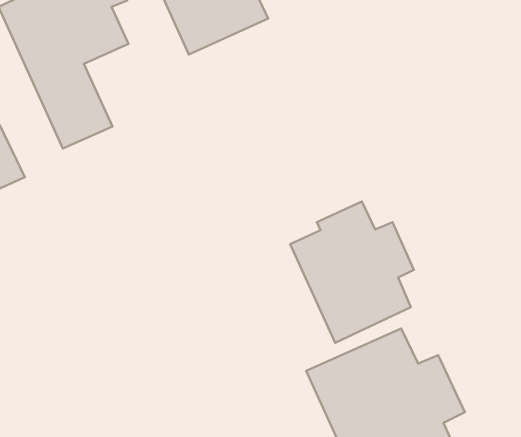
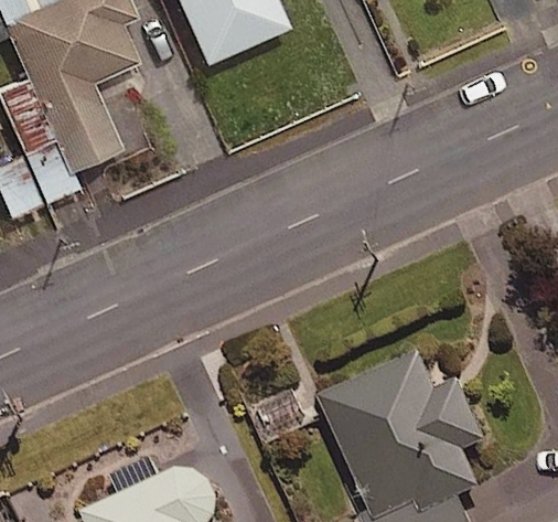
building: [290,202,414,343] -> none

